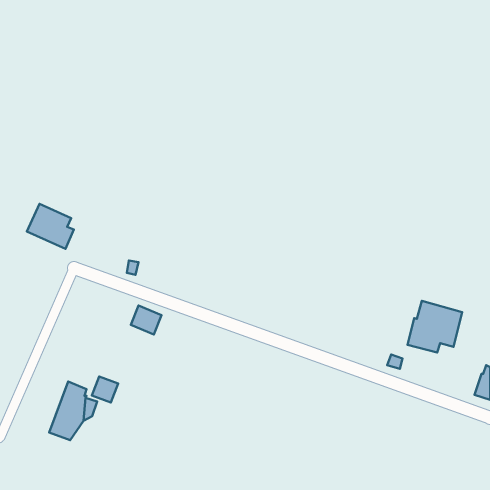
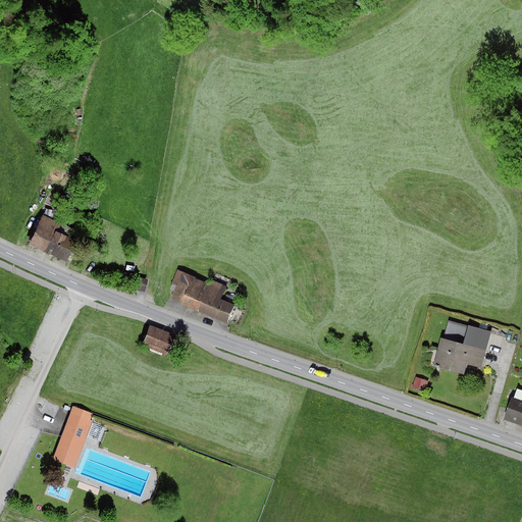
building: none -> [170,270,234,323]
building: [92,376,118,403] -> none

